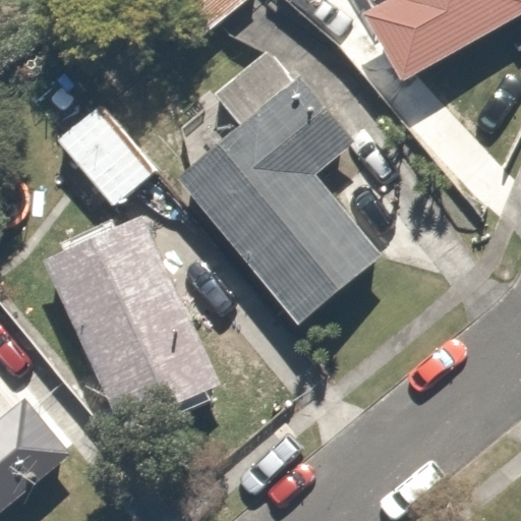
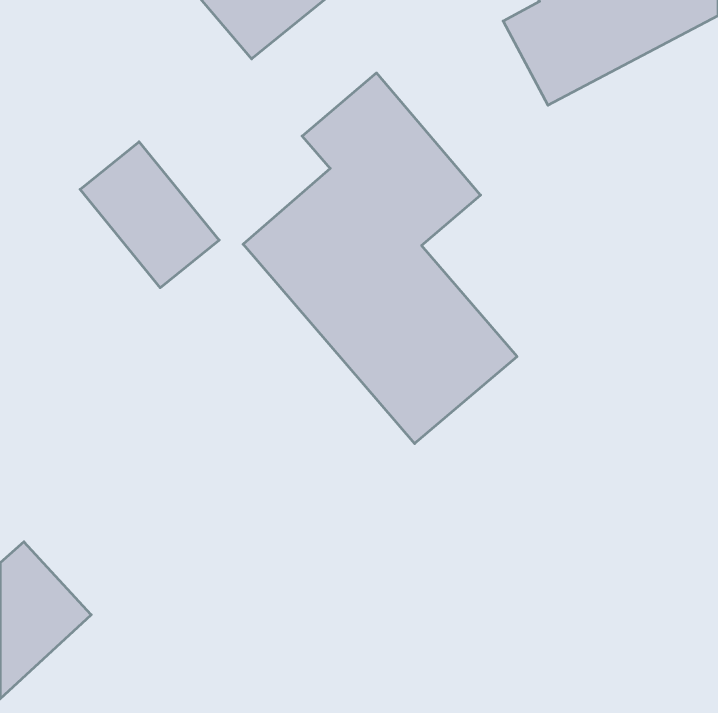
building: [43,216,218,418] -> none

